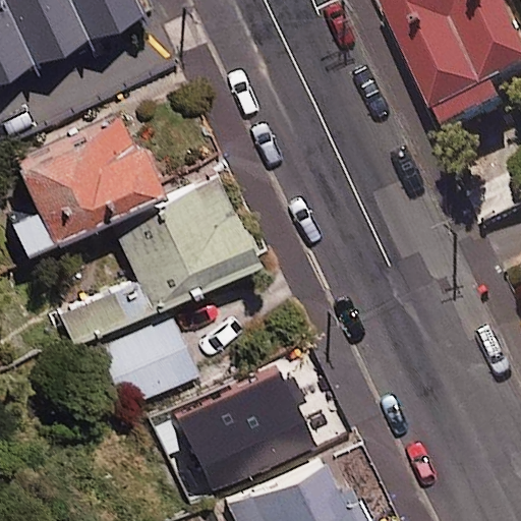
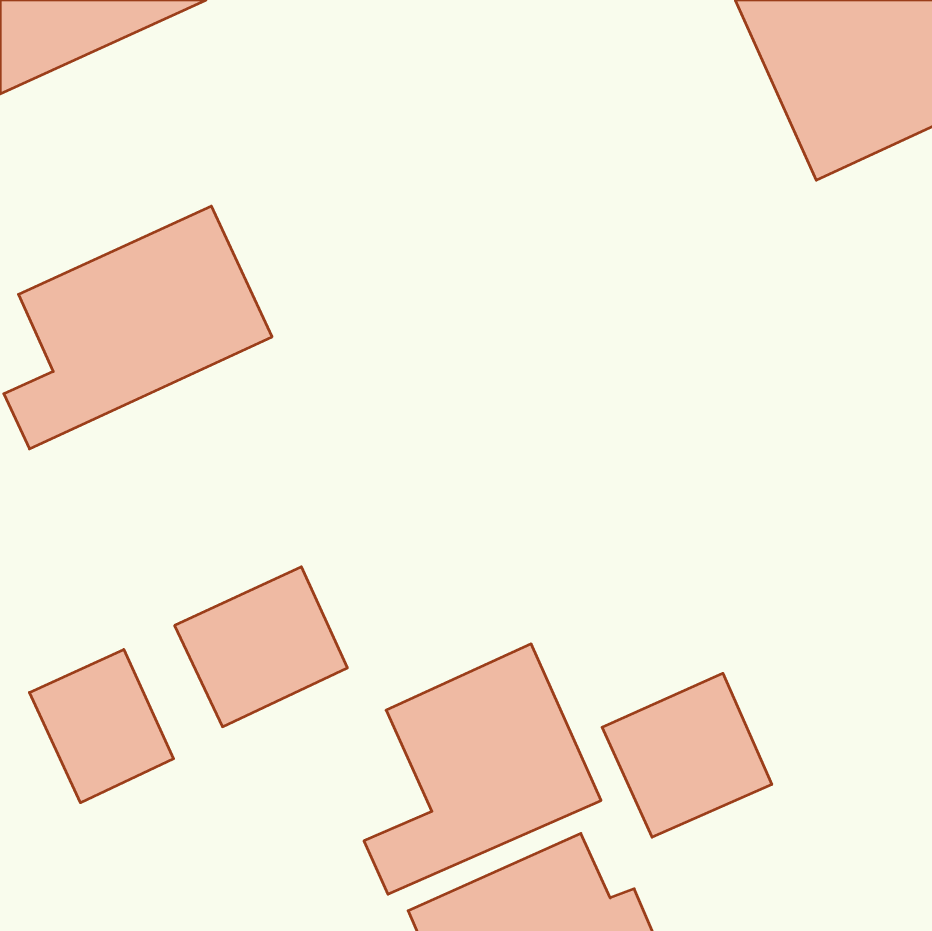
building: [62,182,252,345] -> none
building: none -> [29,649,174,803]
building: none -> [602,673,772,837]

